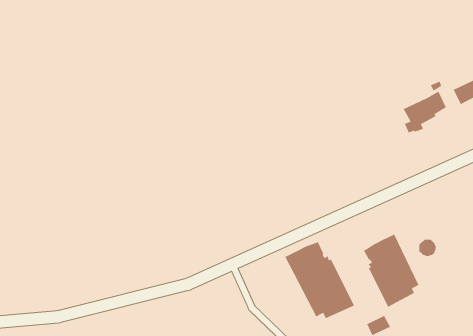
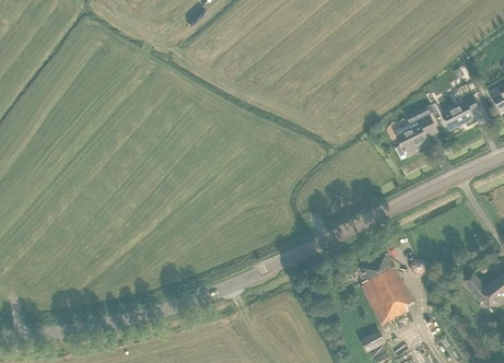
building: [284,241,355,319] -> none

